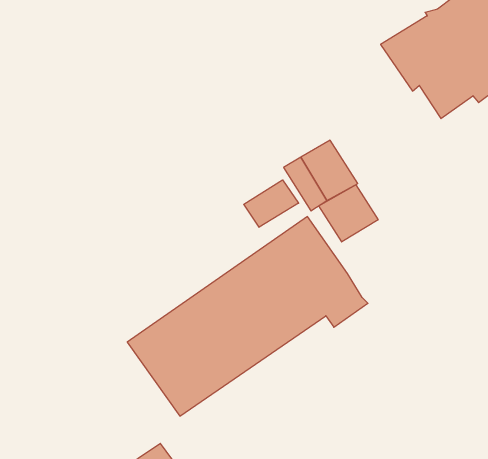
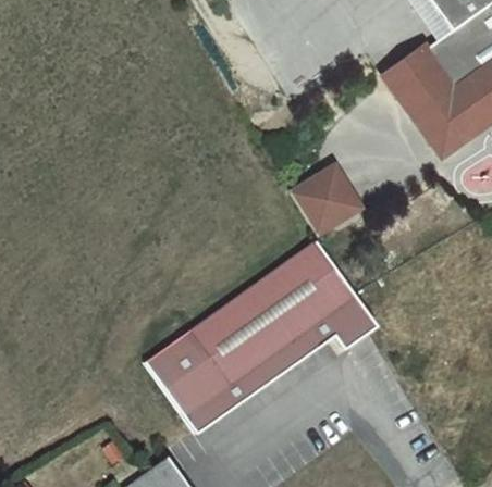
building: [244,180,299,227] -> none
building: [319,185,378,242] -> none

